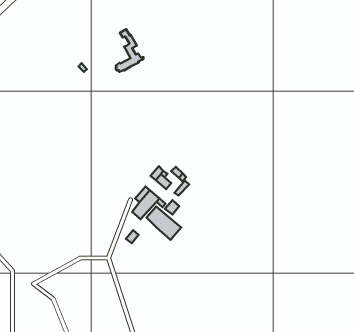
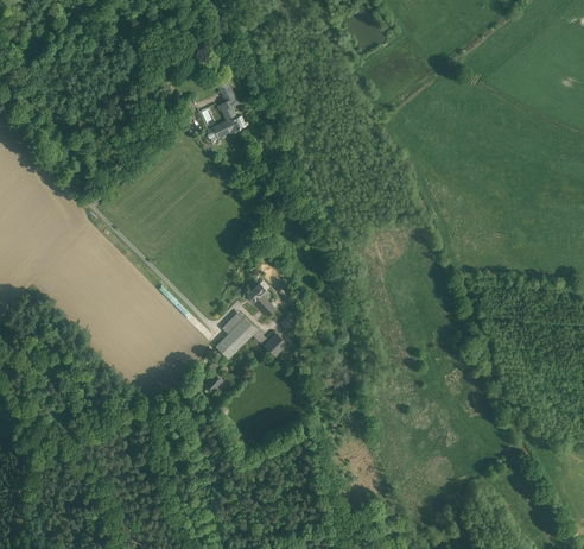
building: [146,206,181,240] -> none

